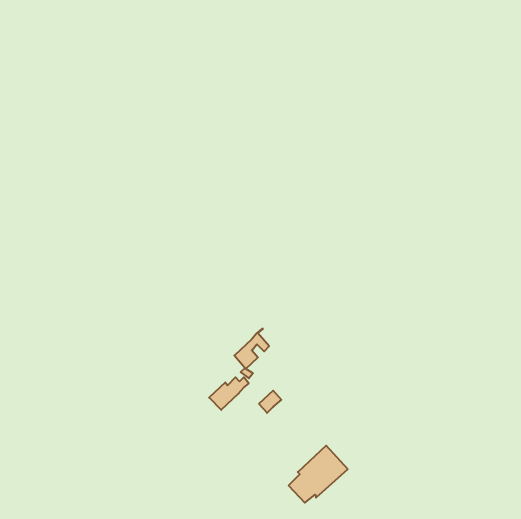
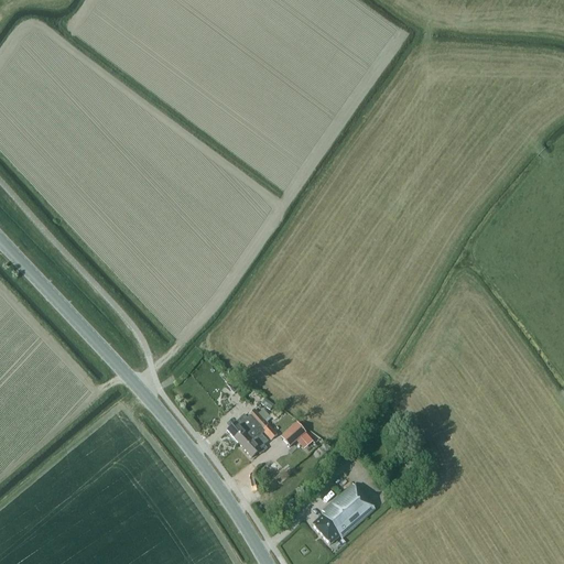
building: [234,329,269,369] -> [239,414,276,457]

